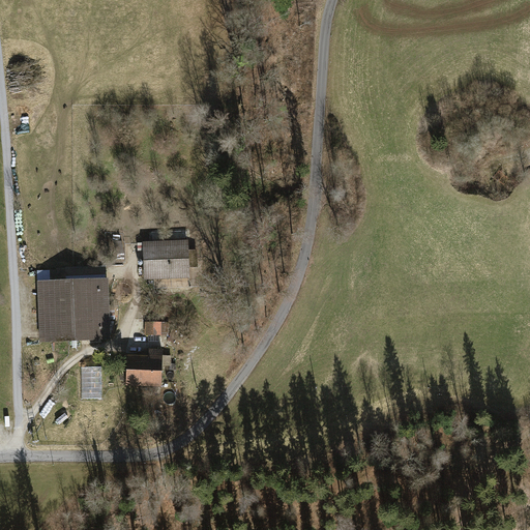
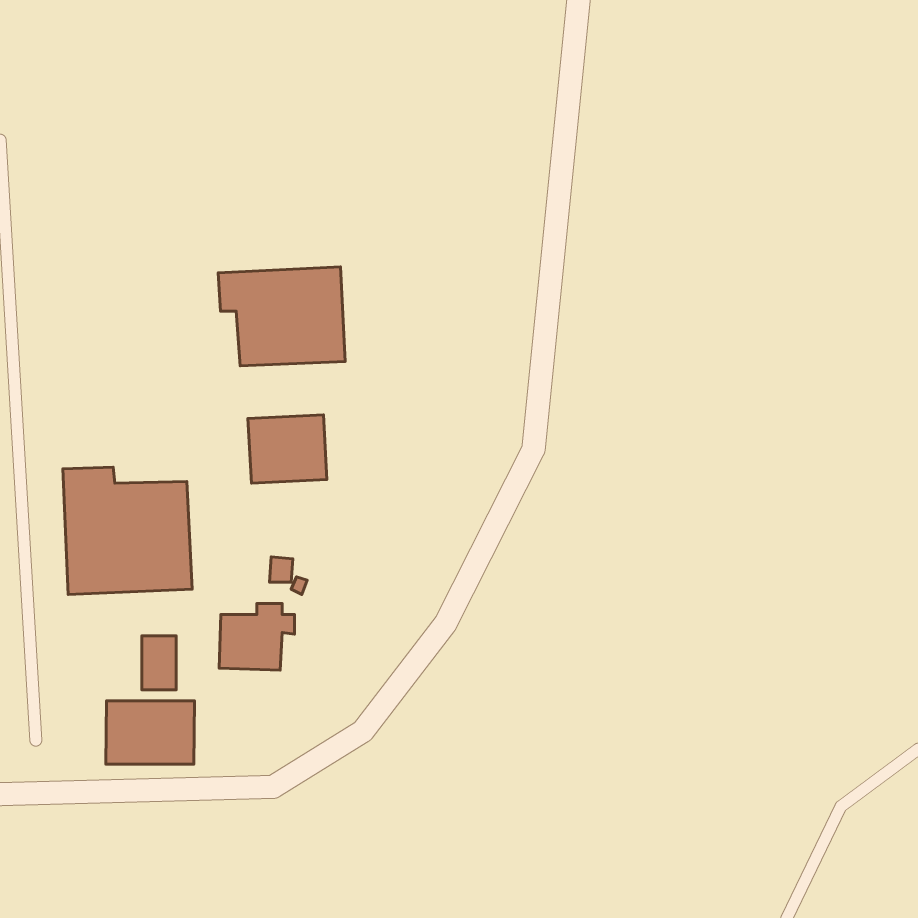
building: none -> [218,267,345,366]
building: none -> [106,701,194,764]

